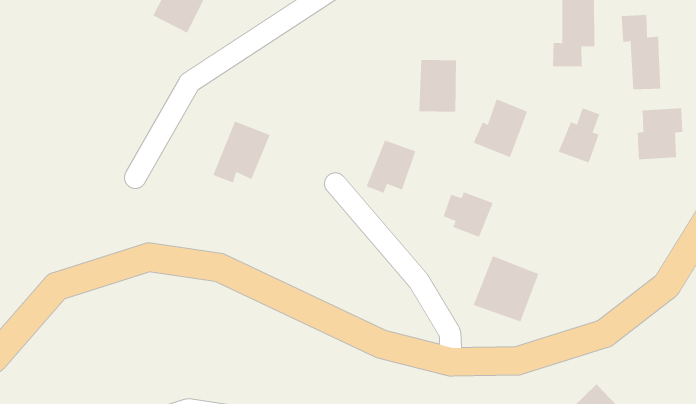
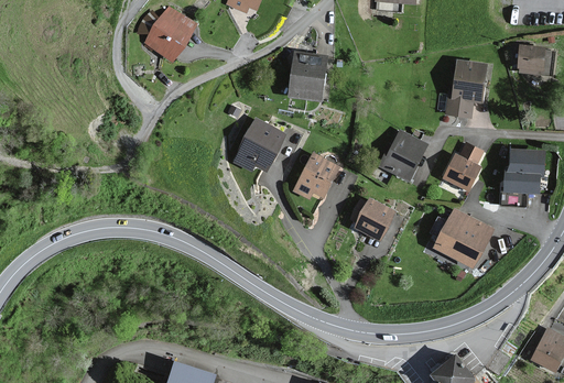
building: [621,14,661,90] -> none
building: [418,59,457,112] -> [290,55,323,98]
building: [212,121,271,183] -> [235,122,282,169]
building: [473,255,539,322] -> [435,211,488,264]

